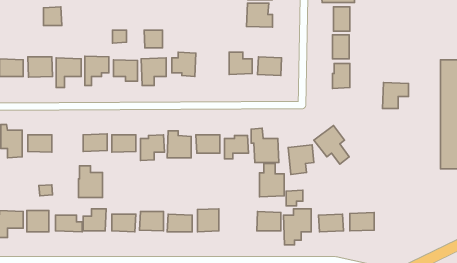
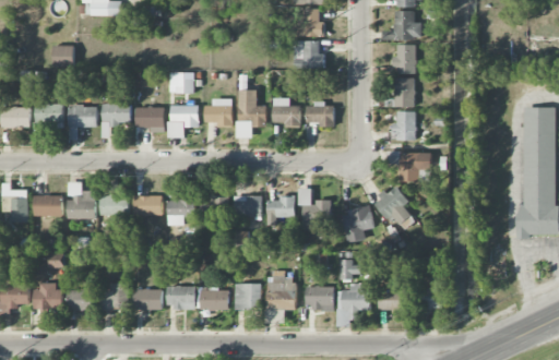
building: none -> [237,89,265,137]
building: [383,83,408,108] -> [400,152,430,182]
building: [259,164,284,197] -> [265,271,295,310]
building: [79,166,103,197] -> [67,182,95,219]

